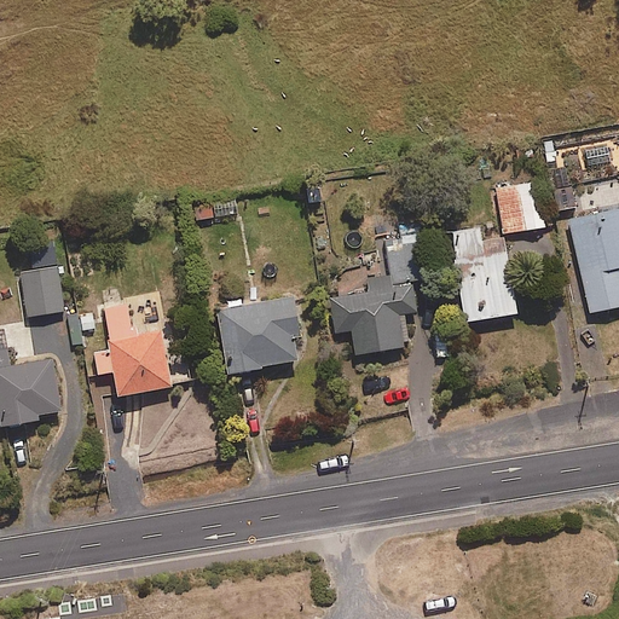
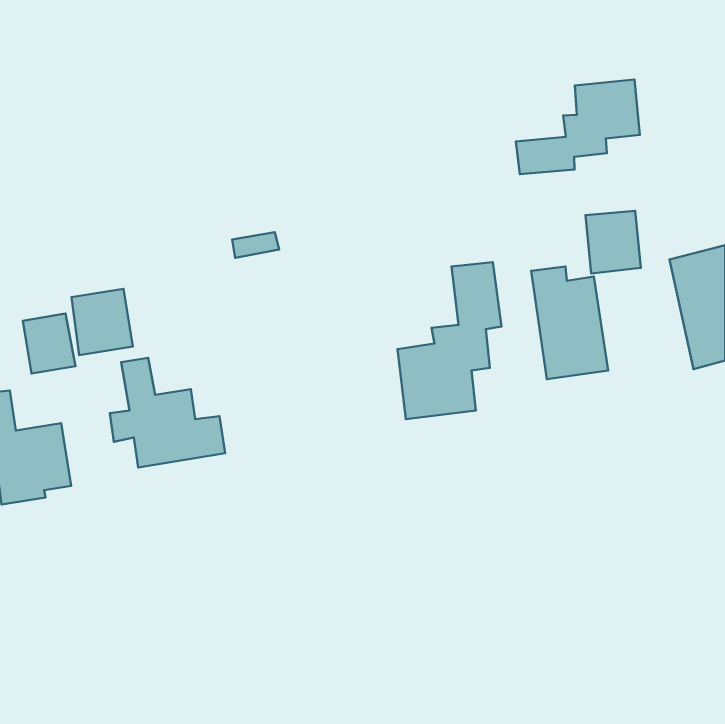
building: none -> [516,80,640,174]
building: none -> [71,289,133,355]
building: [215,296,300,375] -> none

